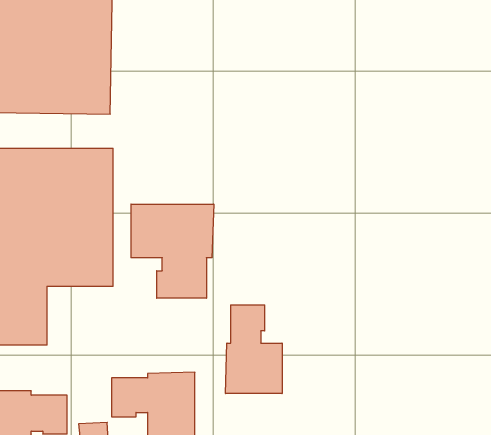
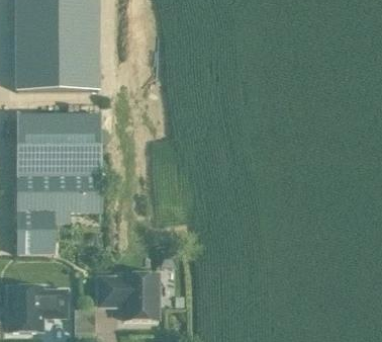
building: [131,204,214,298] -> none
building: [226,305,282,394] -> none

